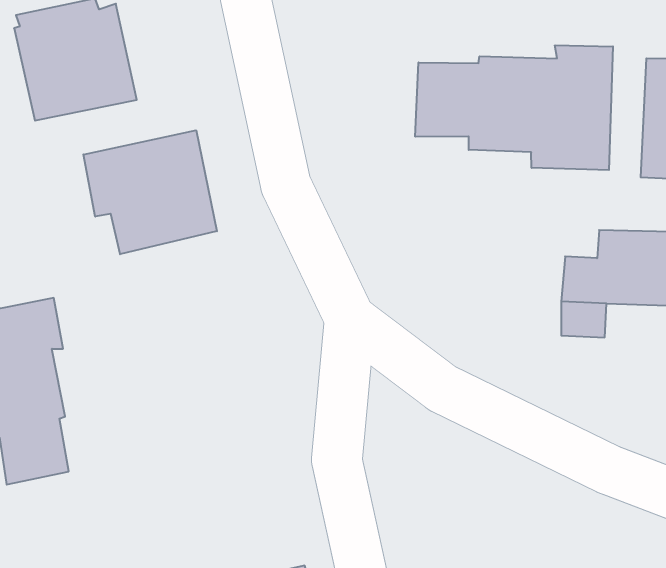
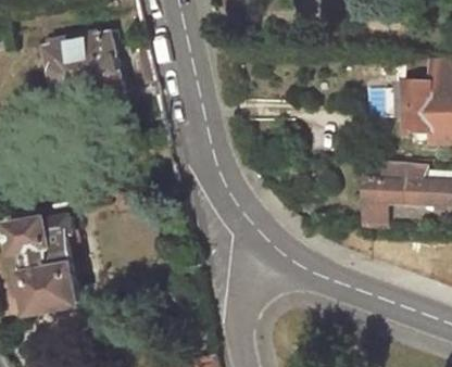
building: [415,45,613,170] -> none
building: [83,130,217,254] -> none

